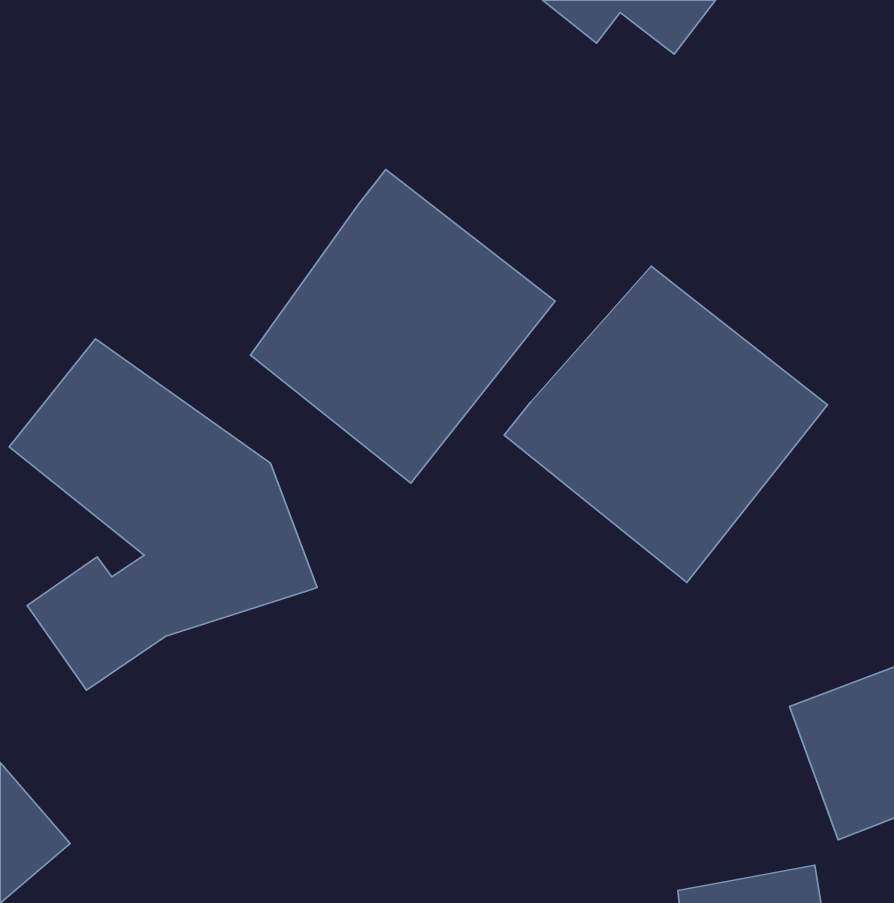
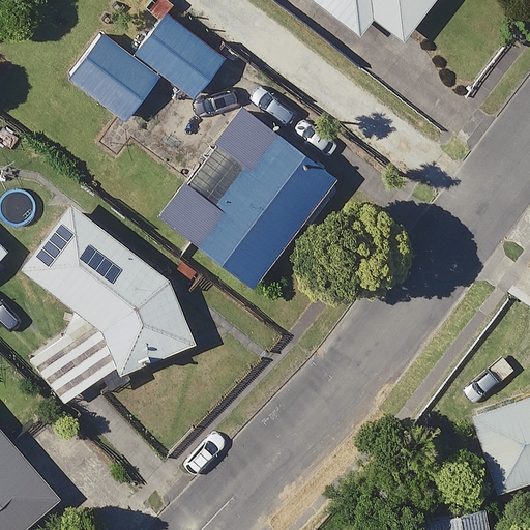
building: none -> [70,18,225,123]
building: [504,266,827,582] -> none

